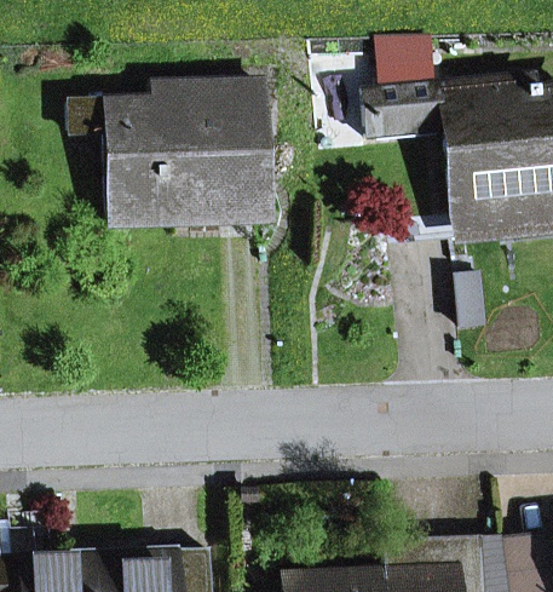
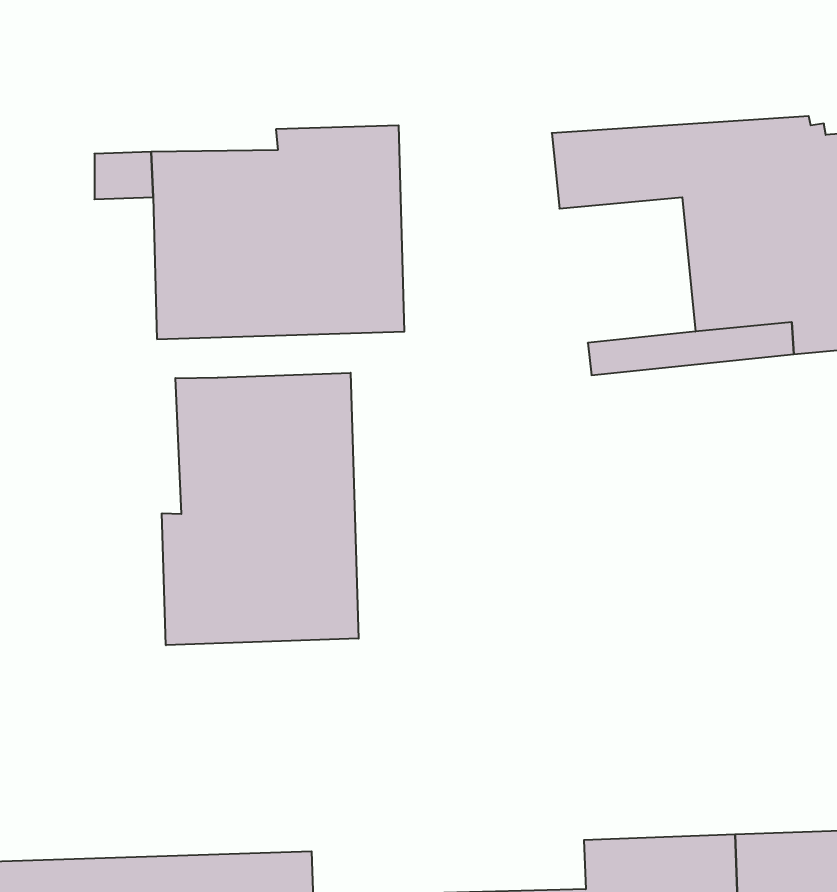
building: none -> [162,373,359,645]

